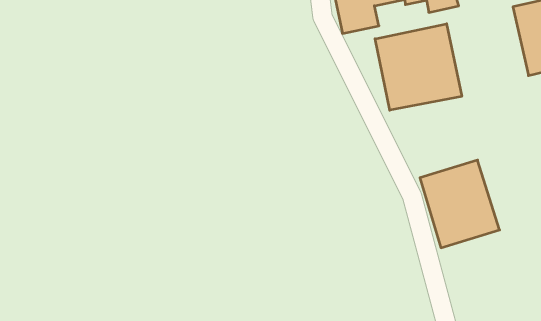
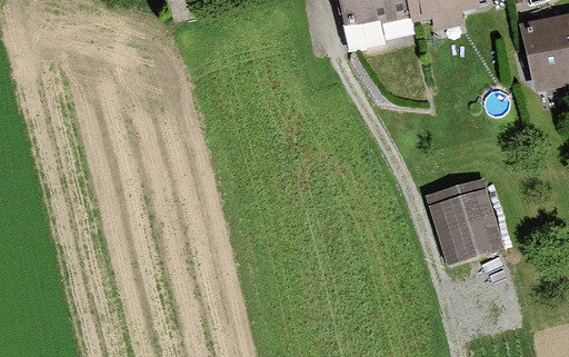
building: [375,24,462,110] -> none

